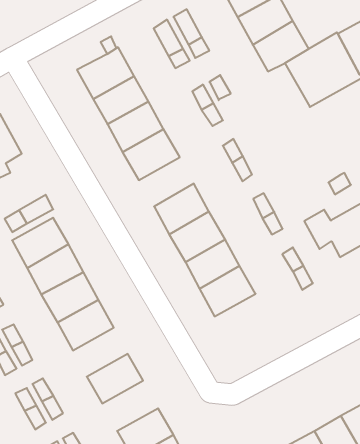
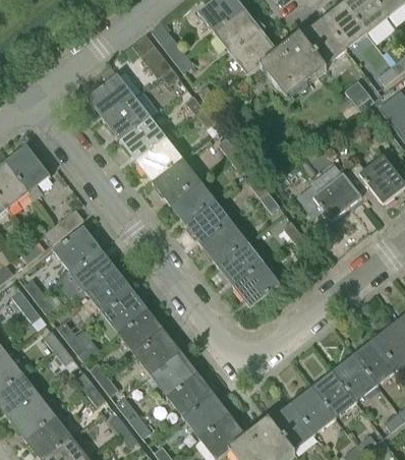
building: none -> [152,159,198,204]
building: none -> [233,264,280,308]
building: none -> [118,310,165,355]
building: none -> [150,351,197,397]

